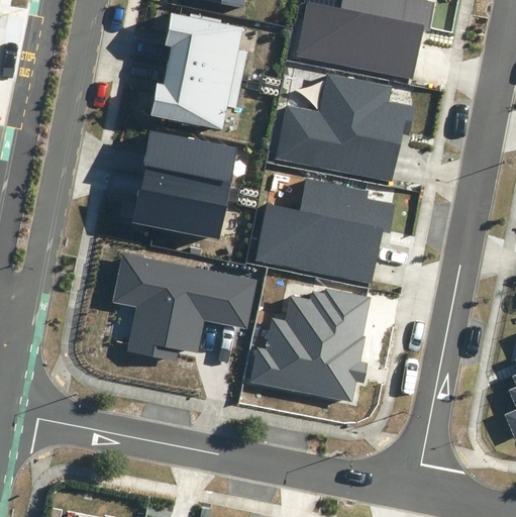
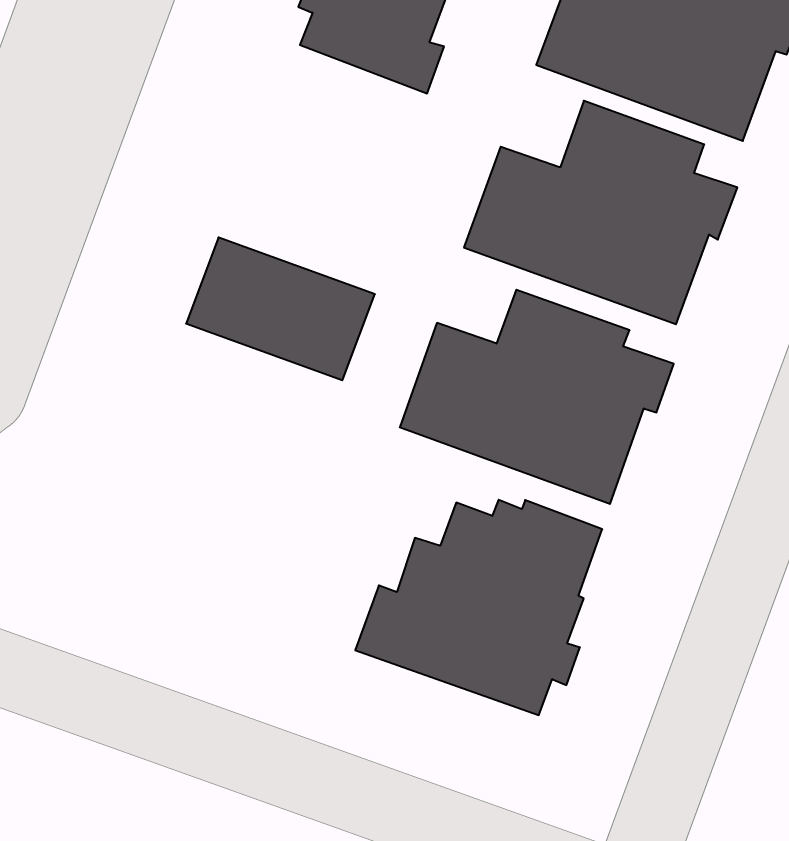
building: [150,65,240,129] -> none
building: [141,129,238,191] -> none
building: [111,252,256,358] -> none

